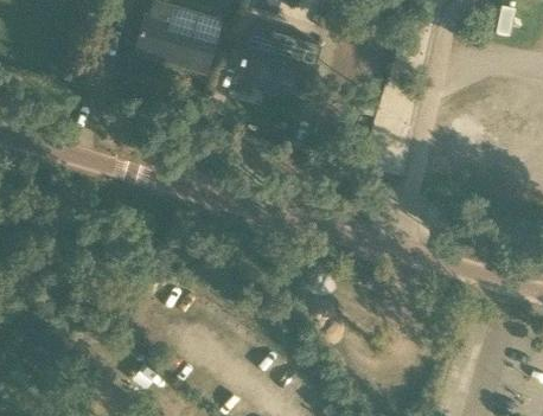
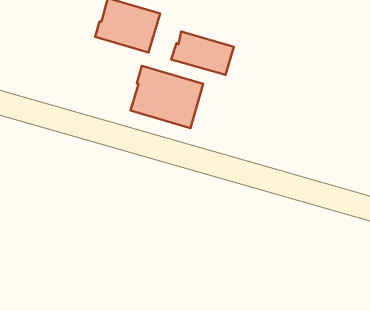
building: none -> [130,66,203,128]

